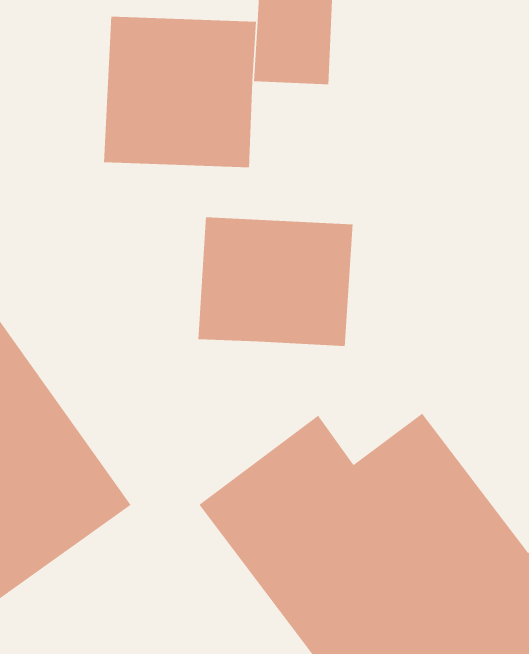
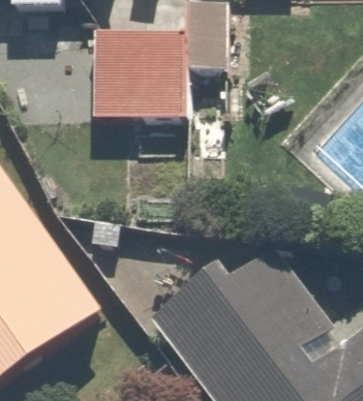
building: [198,217,353,347] -> none

